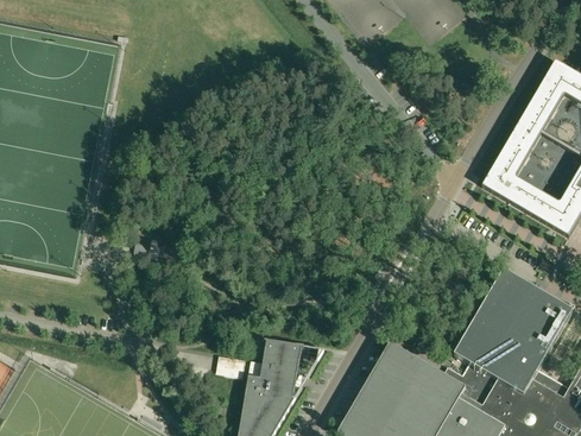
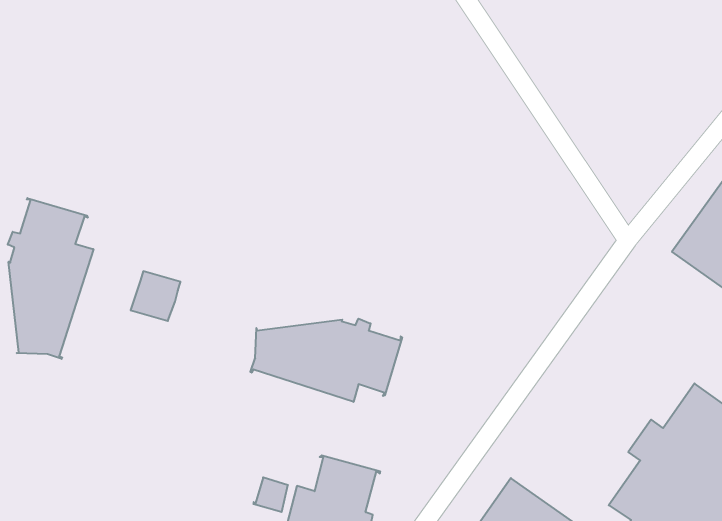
building: none -> [8,198,93,359]
building: none -> [250,319,402,402]

